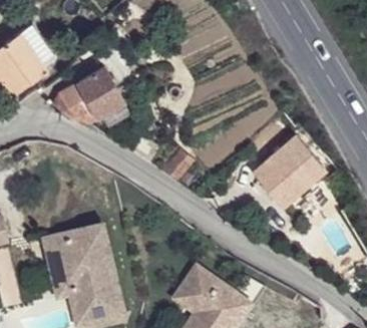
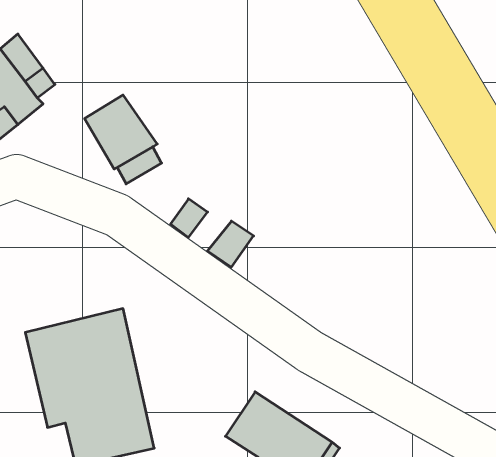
building: [58,83,98,124] -> none
building: [257,134,329,205] -> none

